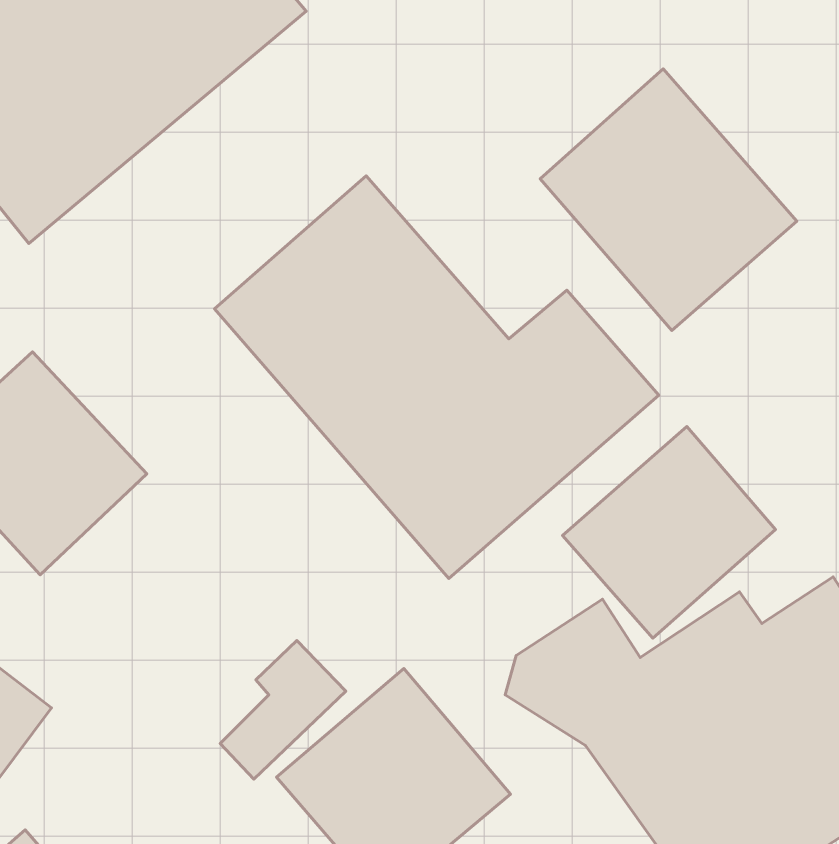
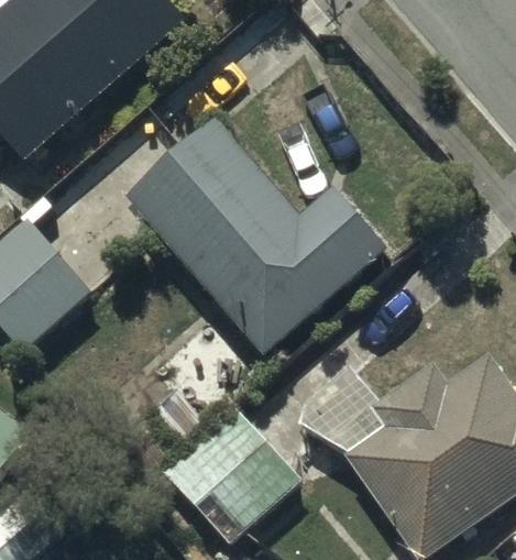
building: [540,69,797,331] -> none
building: [562,427,775,638] -> none

